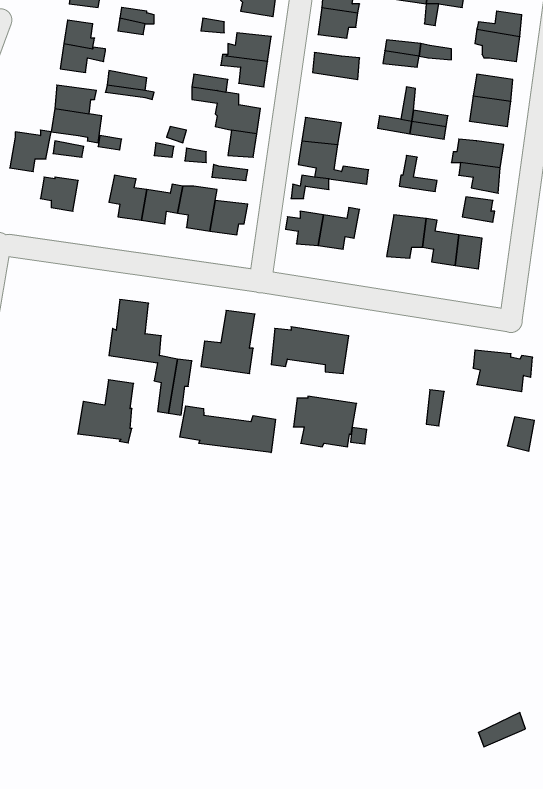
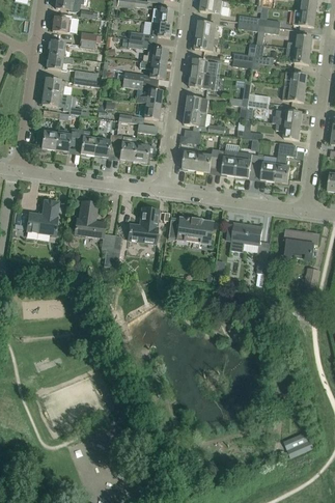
building: none -> [189,71,218,90]
building: [10,130,51,172] -> [54,129,78,152]
building: none -> [216,149,239,176]
building: [78,380,134,443] -> [26,200,58,236]
building: [293,396,357,447] -> [226,223,262,252]
building: [180,406,275,453] -> none

